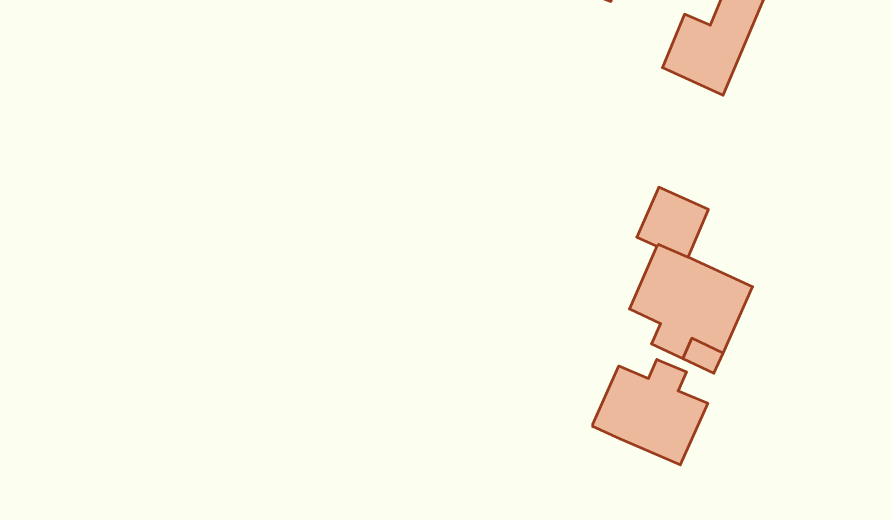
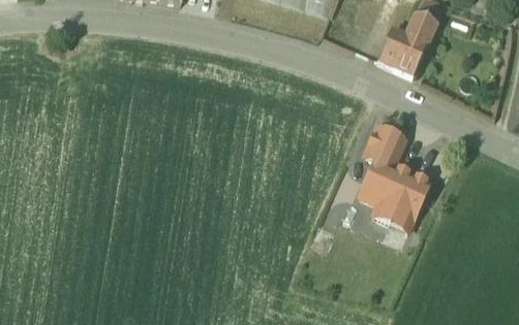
building: [593,359,708,465] -> none

